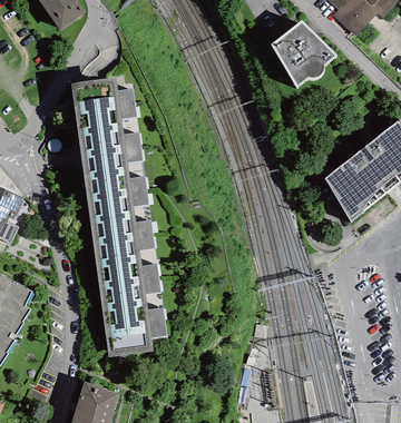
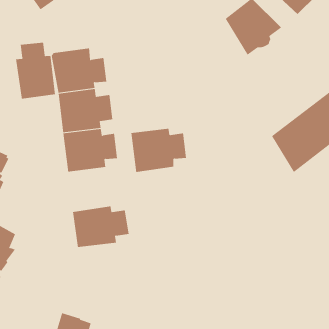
building: none -> [15,42,56,99]
building: [90,213,155,264] -> [130,128,187,173]
building: [101,299,166,355] -> none

